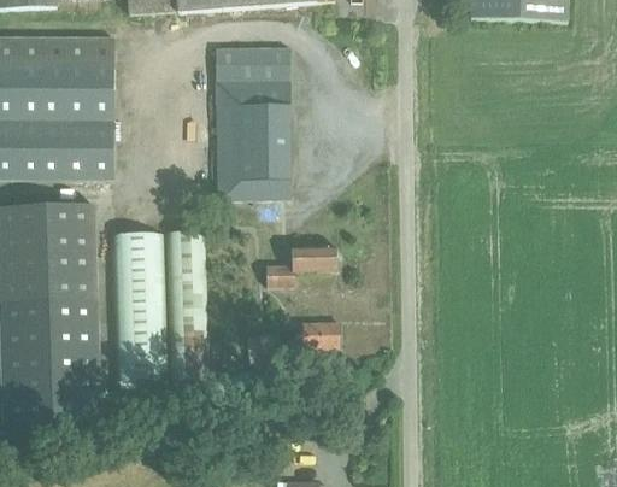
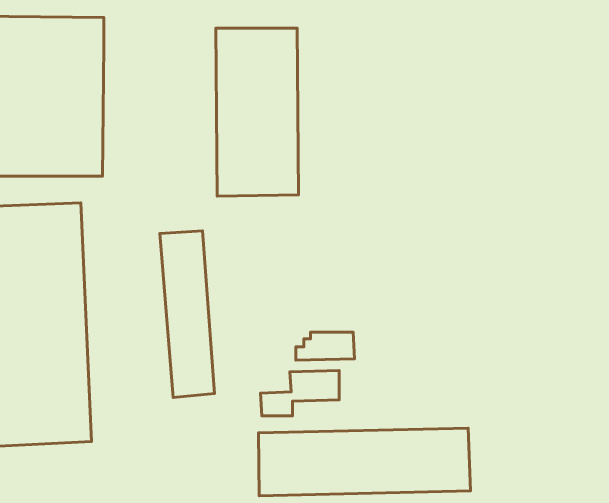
building: [110,233,174,383] -> none
building: [265,245,336,286] -> [260,371,339,416]
building: none -> [259,428,471,496]

